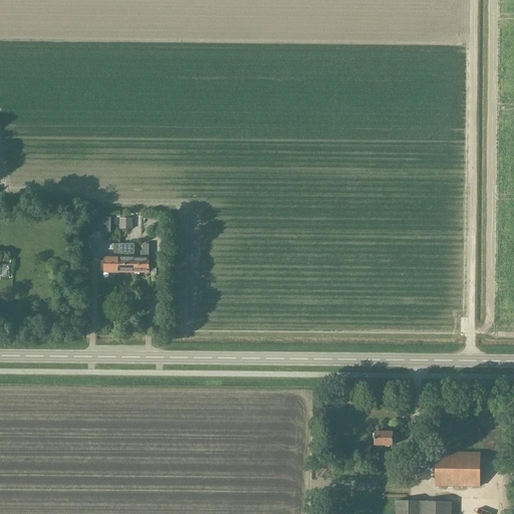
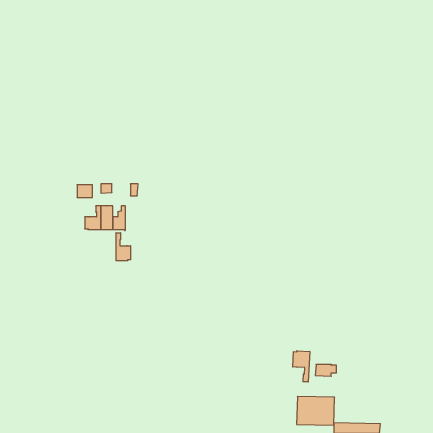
building: none -> [116,233,131,261]
building: none -> [293,351,310,382]
building: [435,453,480,487] -> [297,396,335,425]

